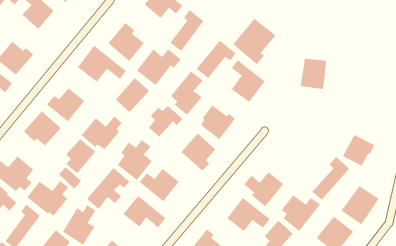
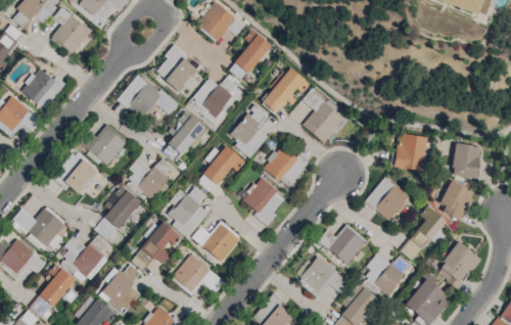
building: [232,18,276,65] -> none
building: [300,58,327,89] -> [393,134,426,172]
building: none -> [451,143,482,180]
building: none -> [365,177,411,223]

